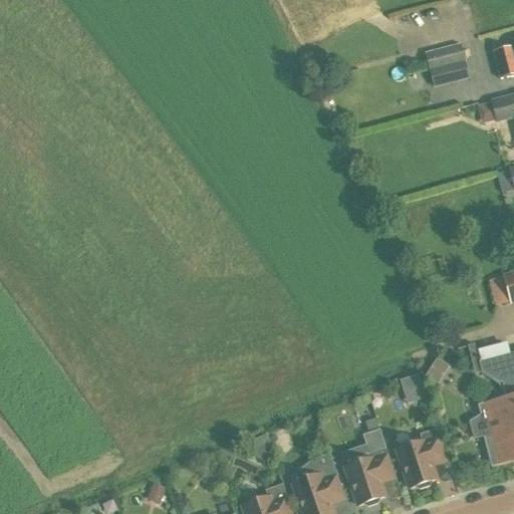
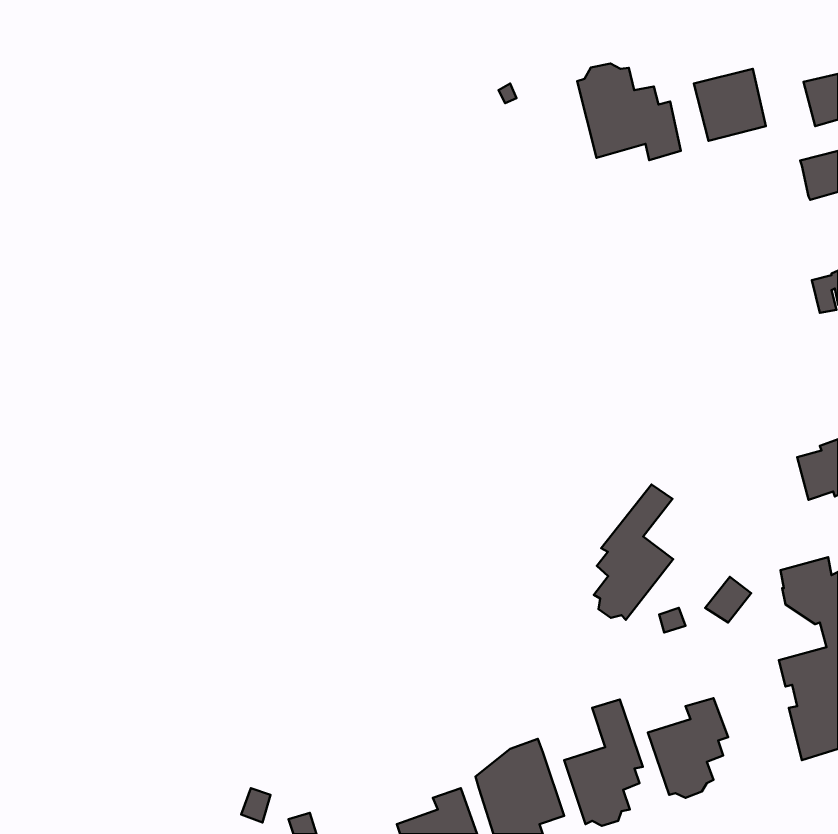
building: none -> [577,64,681,160]
building: none -> [594,484,673,620]

